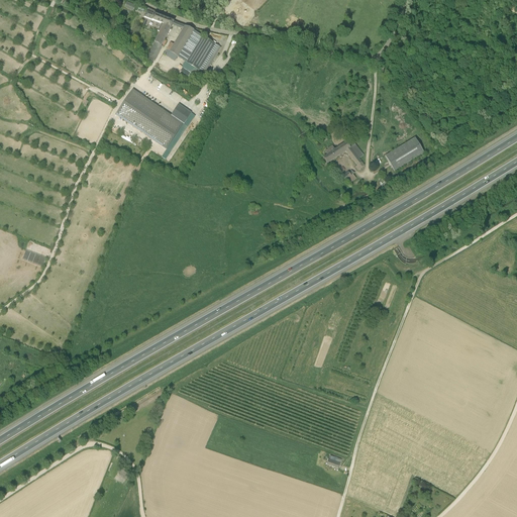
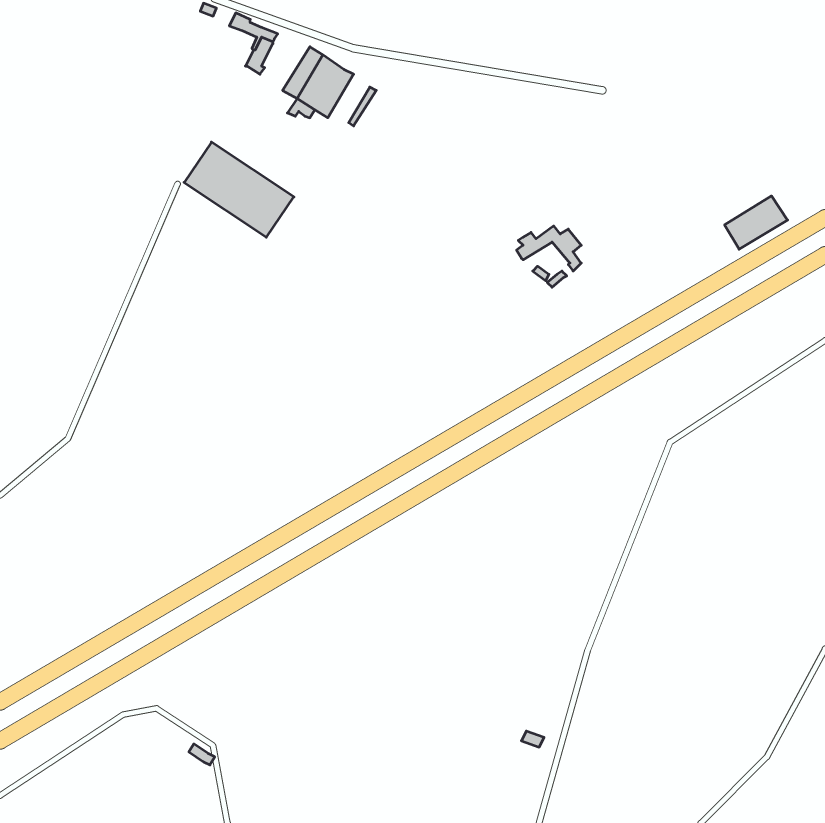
building: [164,21,194,61] -> none
building: [385,136,424,170] -> [725,196,788,249]

